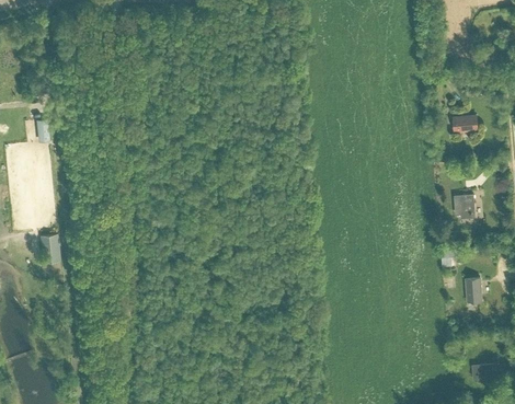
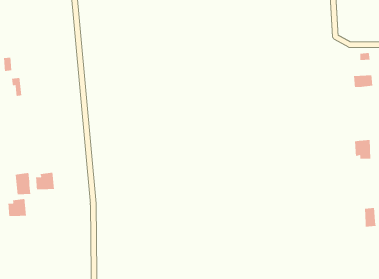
building: none -> [36,172,54,190]
building: none -> [8,198,26,217]

